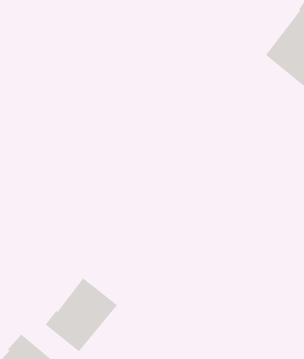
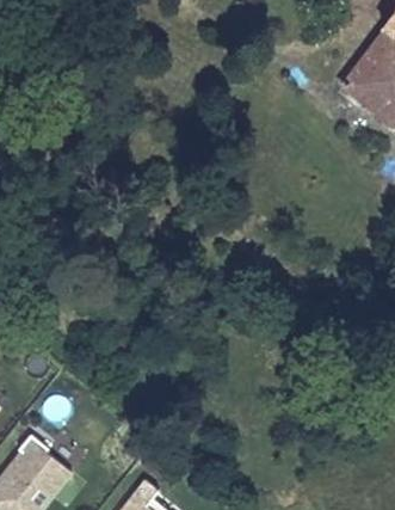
building: [45,277,118,352] -> none

